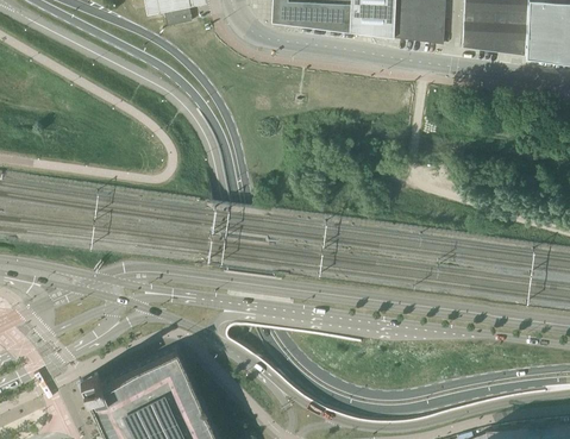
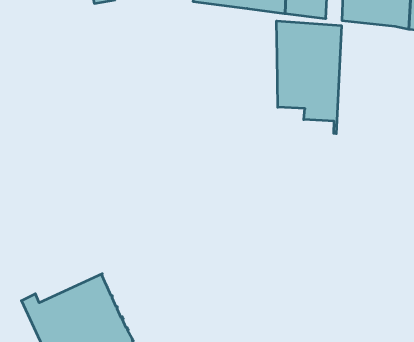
building: none -> [277,21,341,134]

